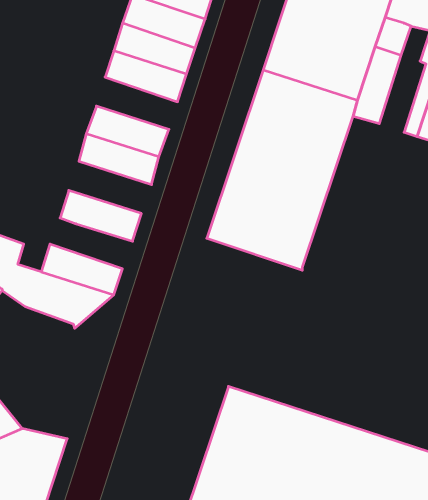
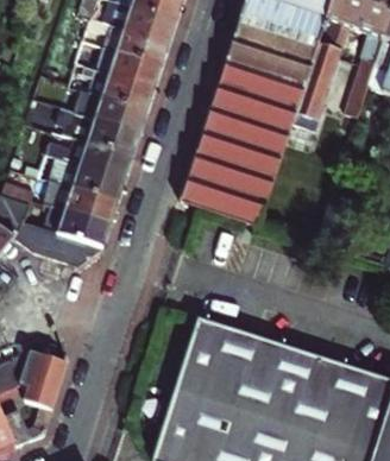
building: none -> [88,65,157,109]
building: none -> [68,135,136,178]
building: none -> [52,187,120,223]

